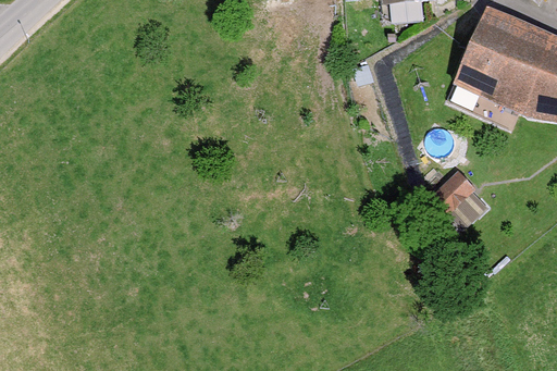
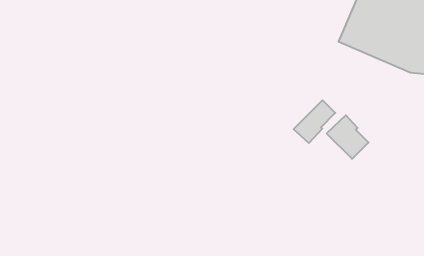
building: none -> [294,100,335,143]

